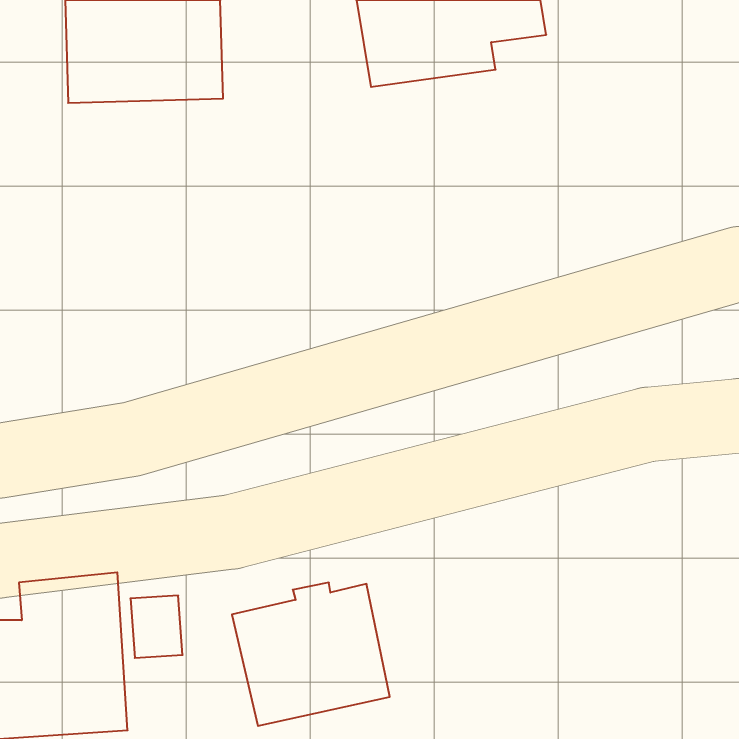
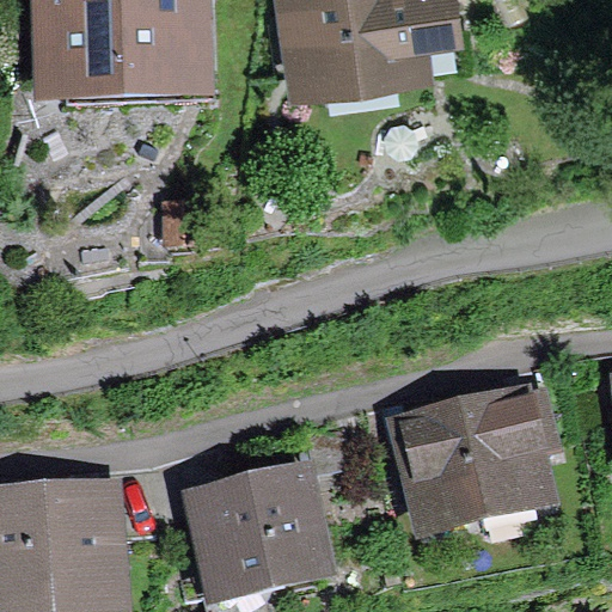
building: none -> [408,409,539,527]

